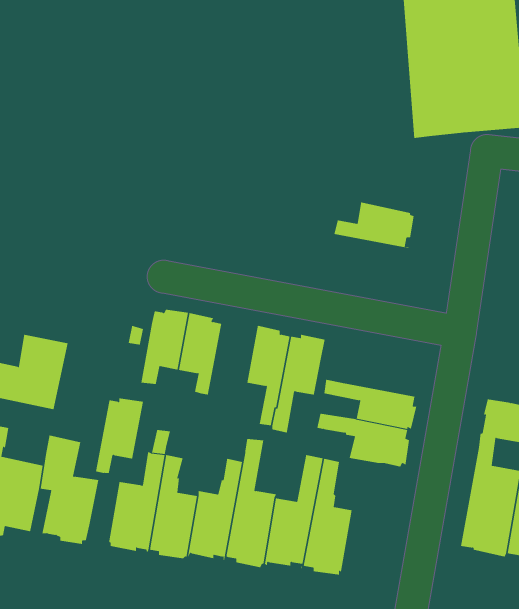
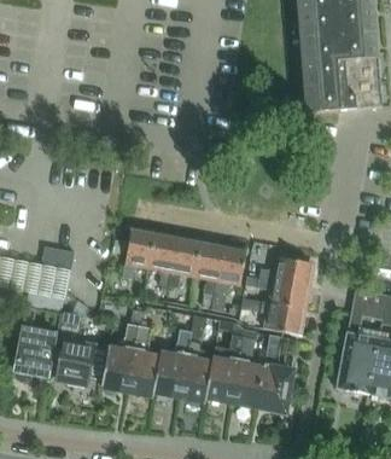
building: [334,202,414,249] -> [259,255,314,286]
building: [95,396,144,473] -> [169,234,202,286]
building: none -> [258,333,294,412]

